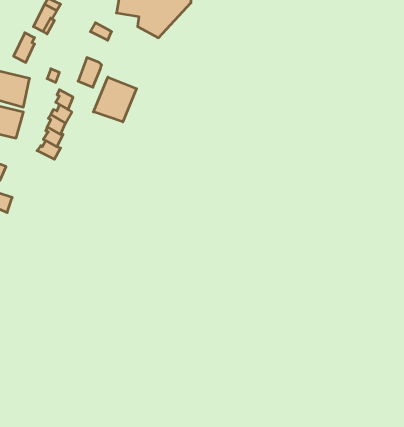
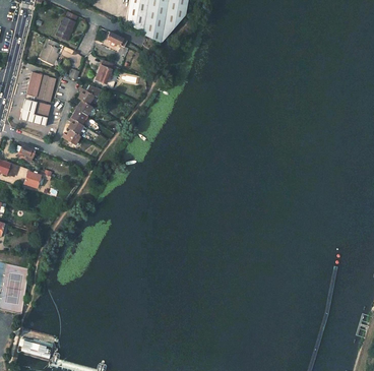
building: [93,77,137,122] -> none

